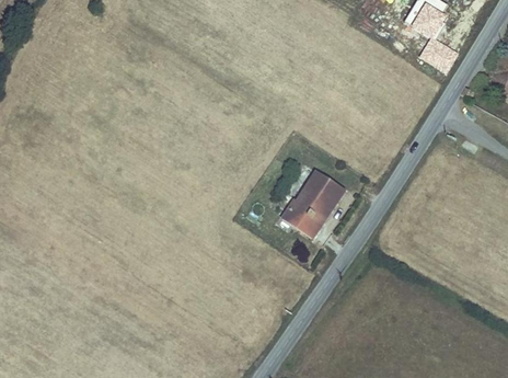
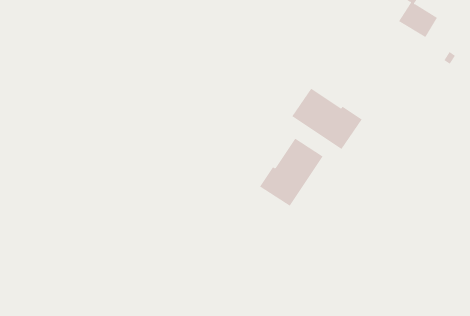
building: none -> [292,88,363,150]

